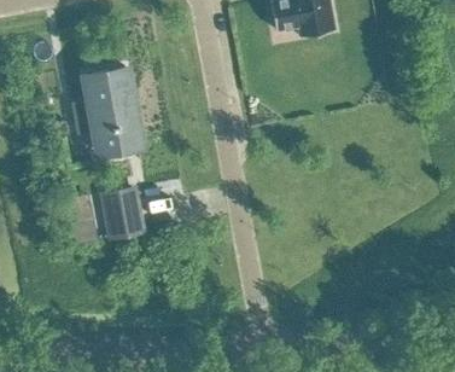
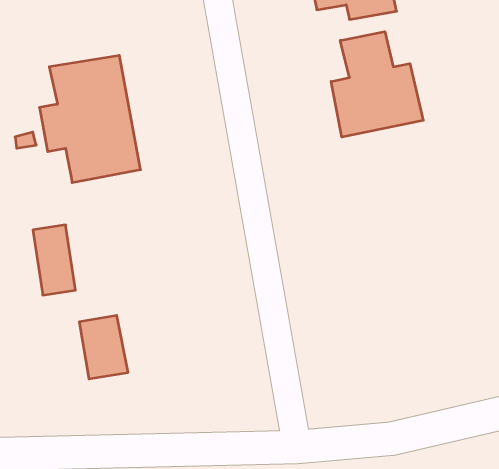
building: none -> [331,32,423,137]
building: [104,190,140,237] -> [79,315,128,379]

